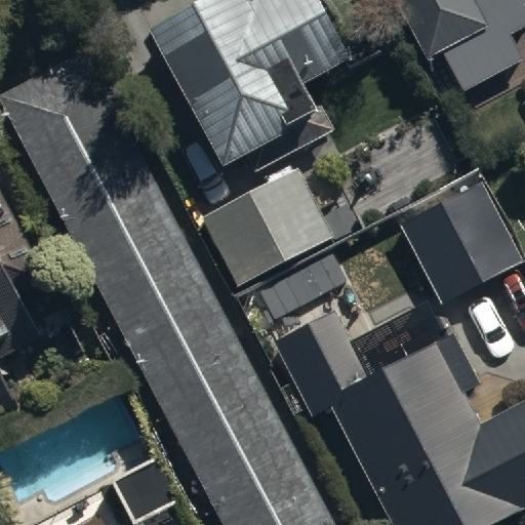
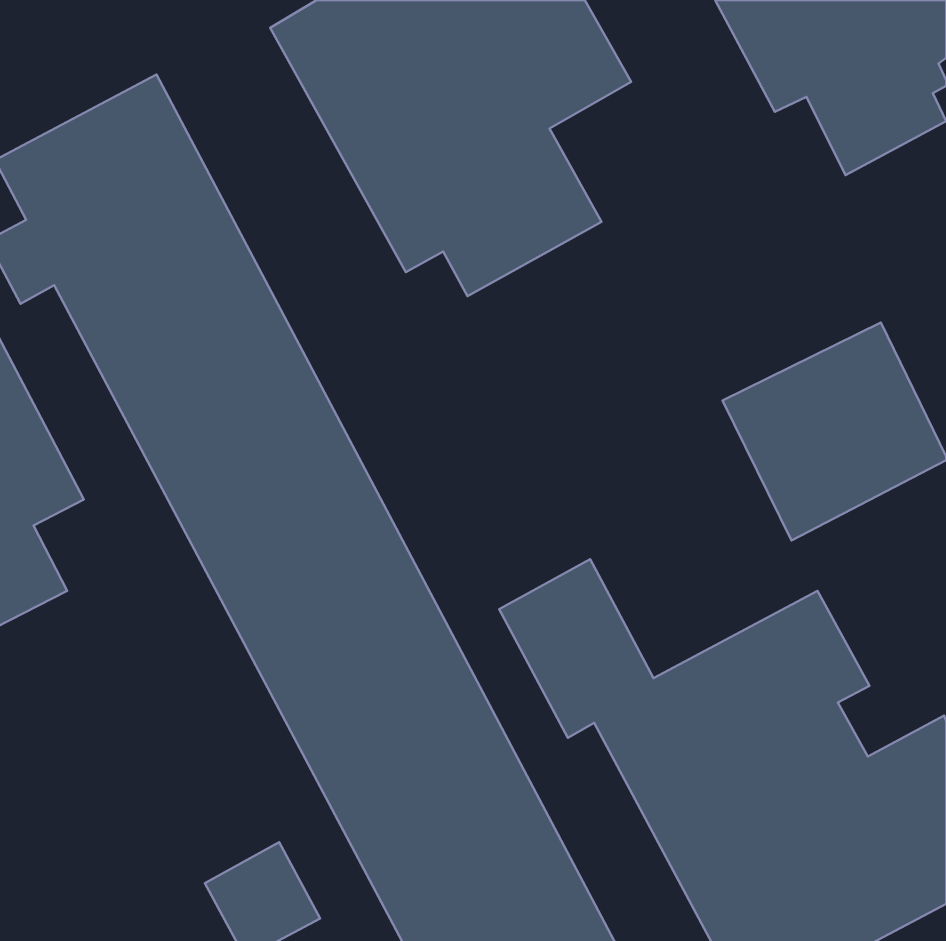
building: [197,169,337,281] -> none

